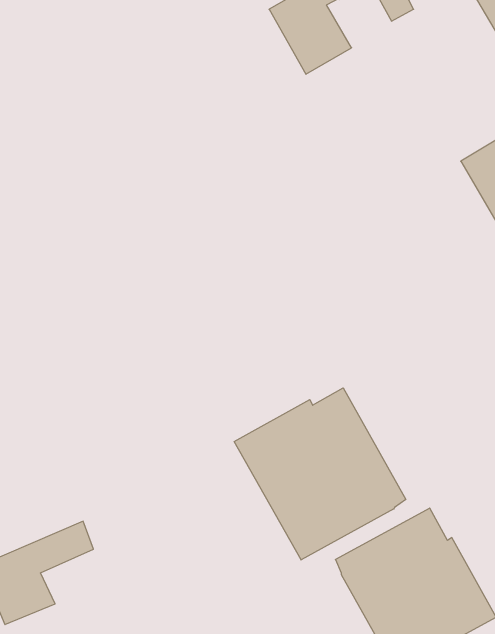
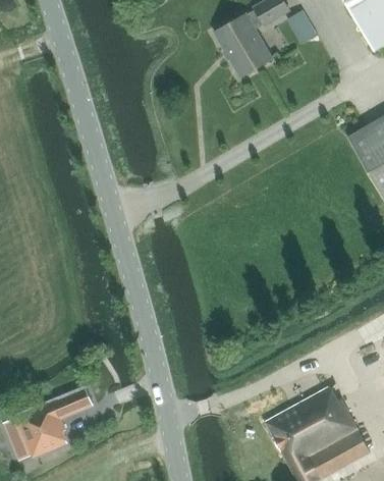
building: [234,388,406,560] -> none

